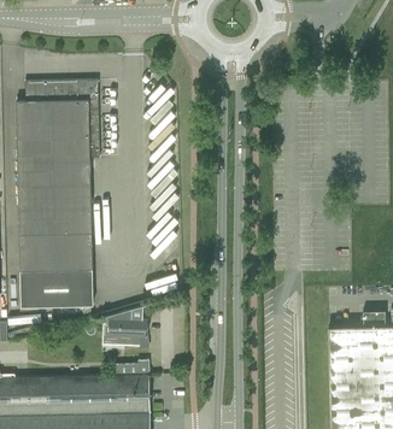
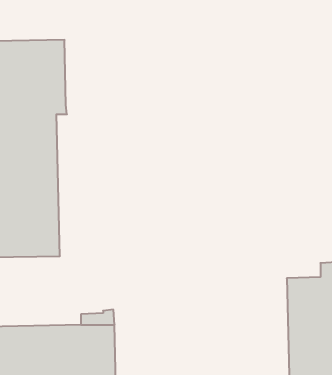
building: [101,307,148,349] -> none

